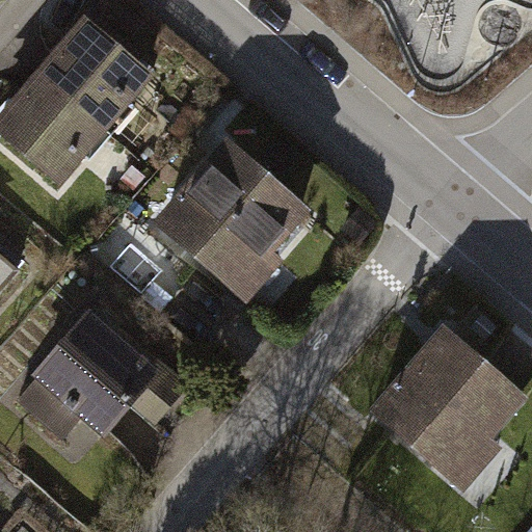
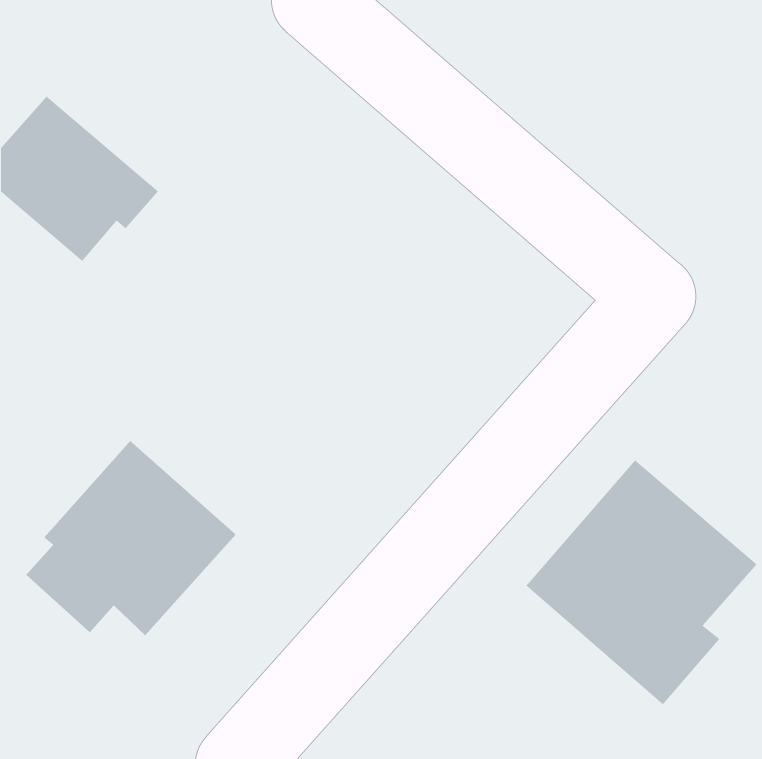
building: [34,15,154,137] -> none
building: [151,136,310,304] -> none

